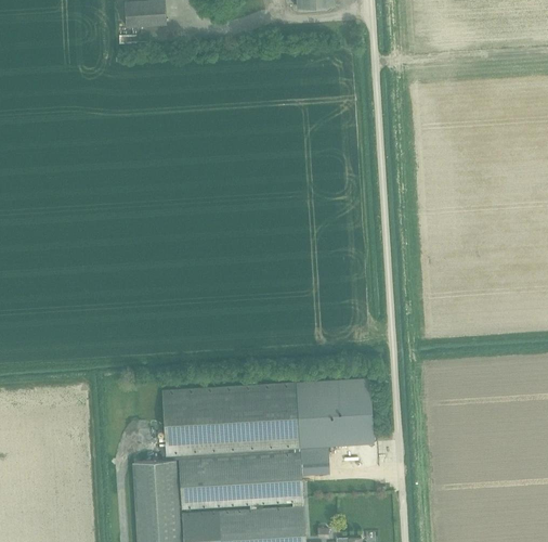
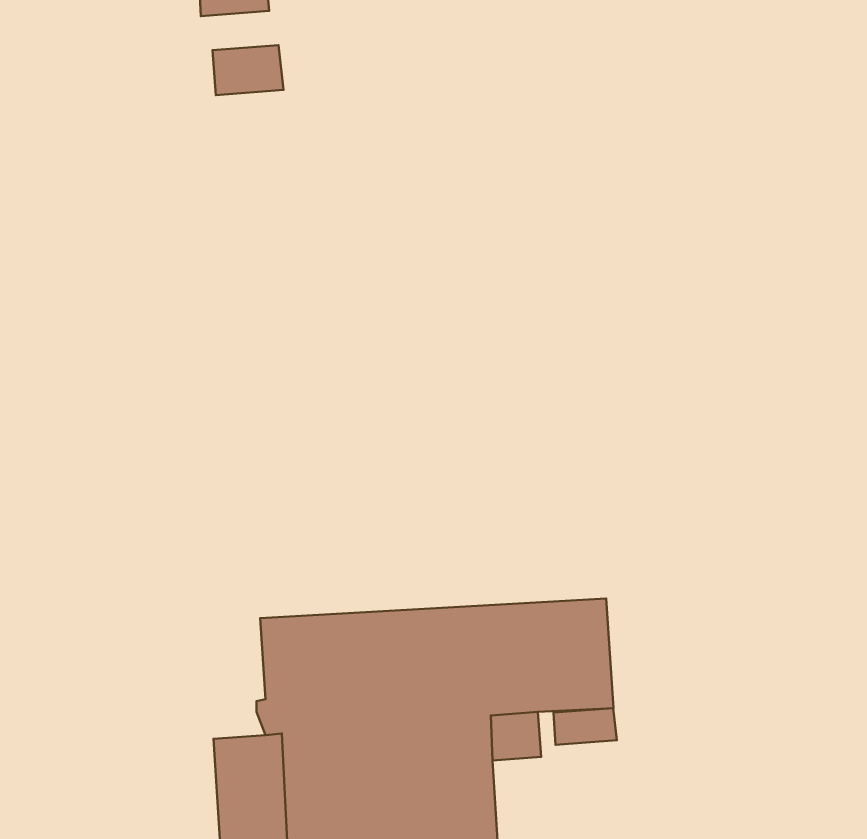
building: none -> [213,45,283,95]
building: none -> [553,708,617,745]

